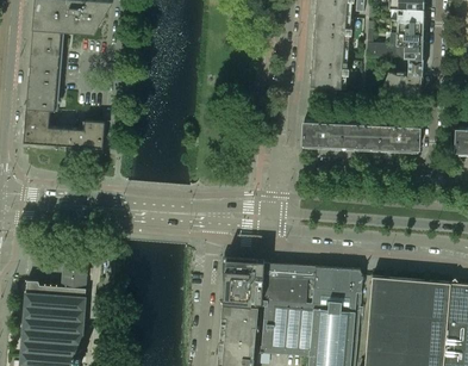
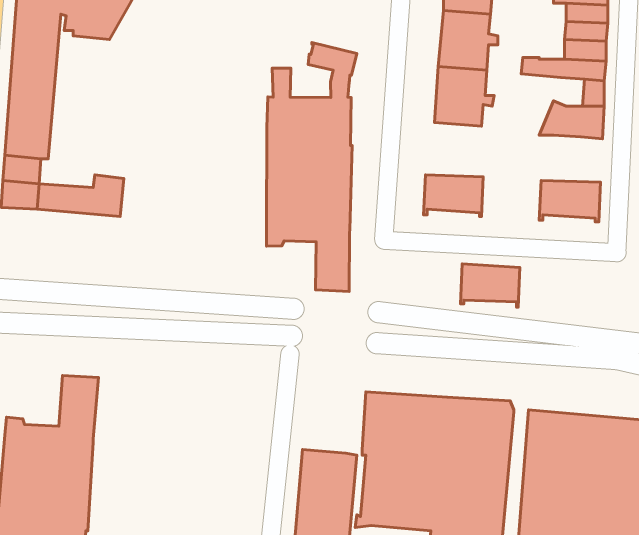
building: none -> [266,42,357,291]
building: [341,123,380,151] -> [460,264,520,307]
building: [221,259,264,305] -> none

